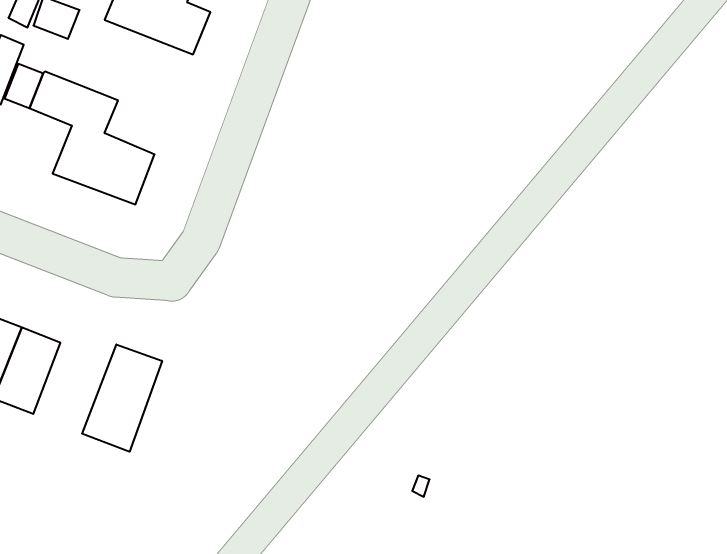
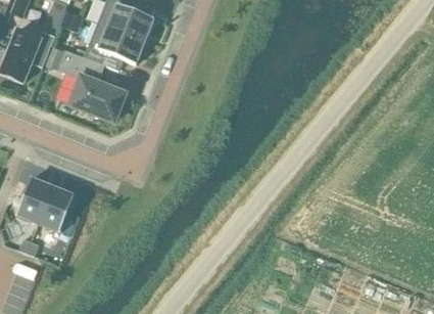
building: none -> [84,23,144,71]
building: [82,344,162,452] -> none

